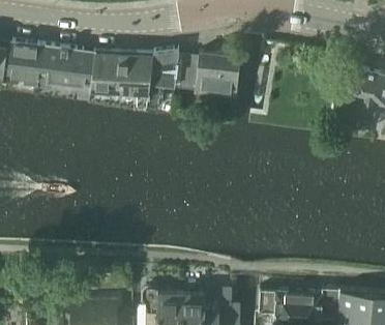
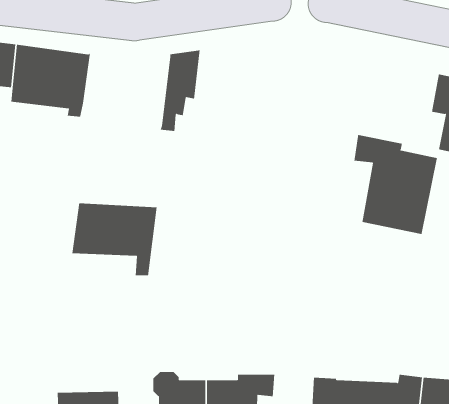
building: [90,52,153,106] -> [72,203,157,276]
building: [179,52,238,94] -> none
building: none -> [354,134,438,235]

